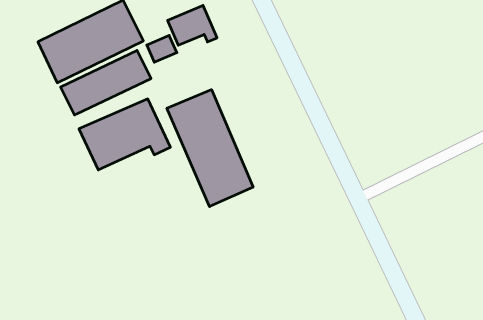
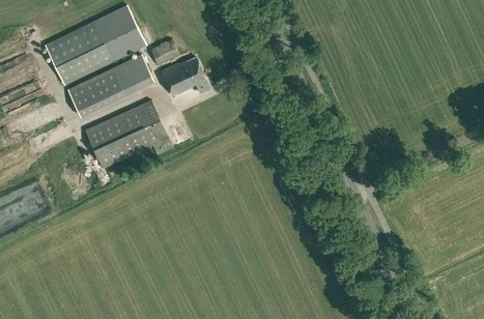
building: [168,5,217,45] -> [161,57,208,95]
building: [167,90,253,207] -> none

